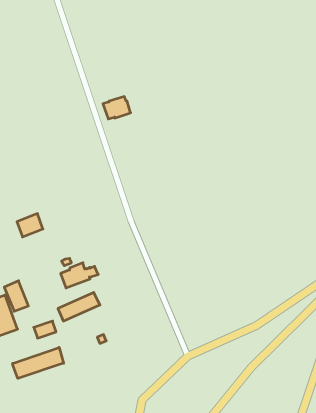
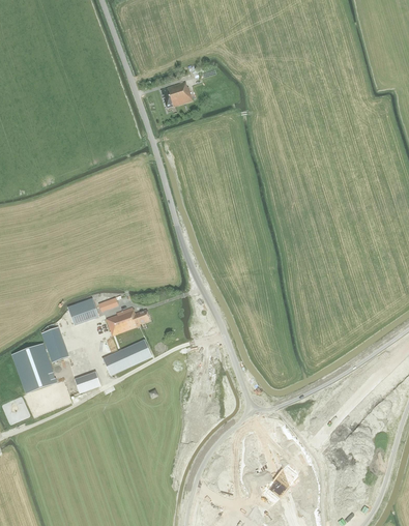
building: [103,97,131,119] -> [159,81,192,107]
building: [17,214,43,237] -> [67,297,97,324]
building: [13,347,64,378] -> none

